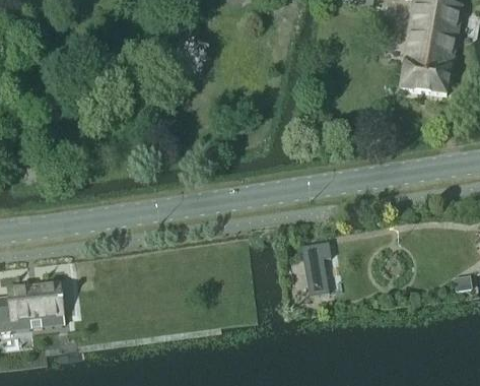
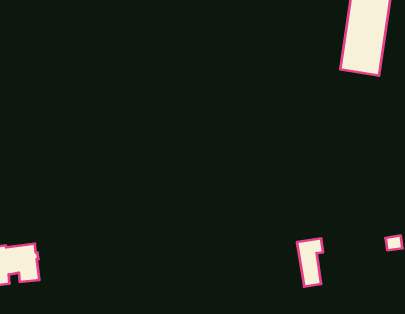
building: [301,242,331,296] -> [297,239,323,287]

